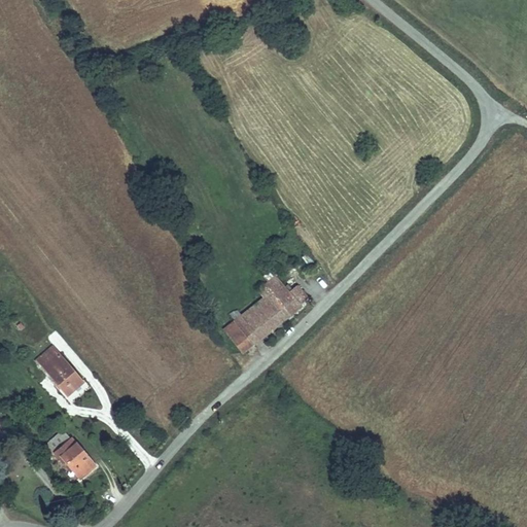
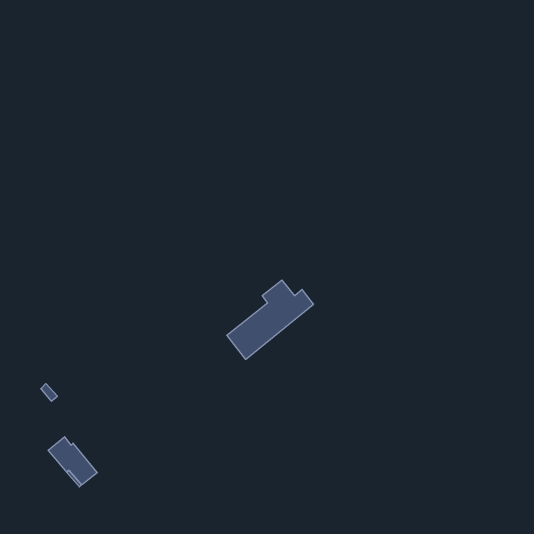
building: [38,347,83,395] -> none

